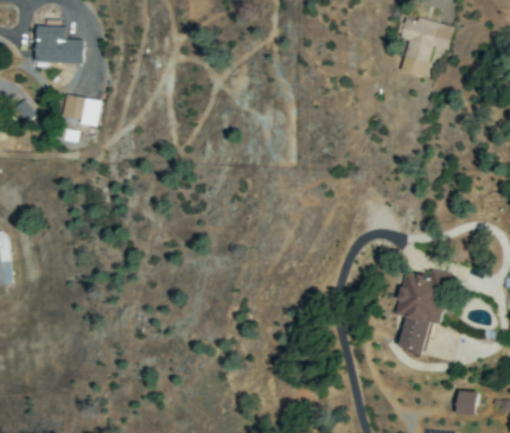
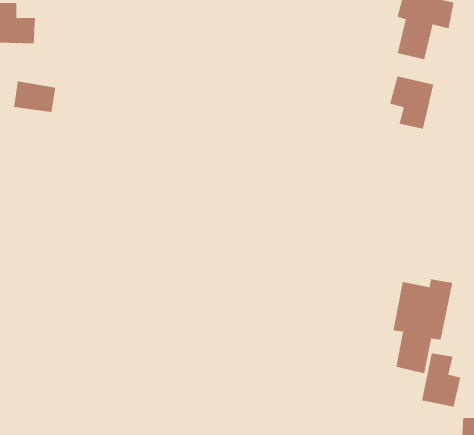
building: none -> [389,76,434,130]
building: none -> [421,352,461,408]

